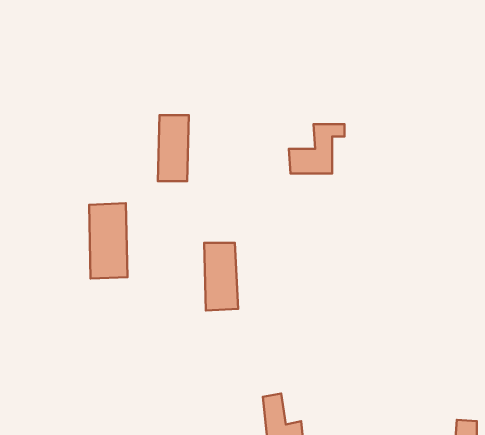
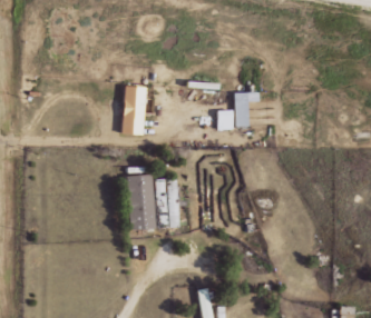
building: [89,203,128,279] -> [127,175,155,229]

